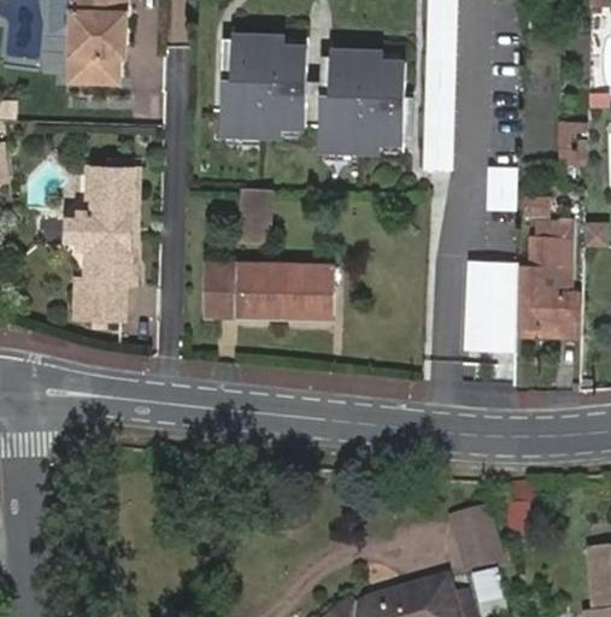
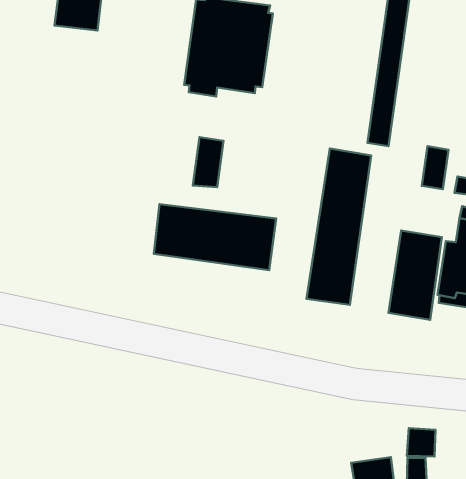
building: [317,49,405,155] -> none
building: [70,163,139,319] -> none
building: none -> [307,148,371,305]

